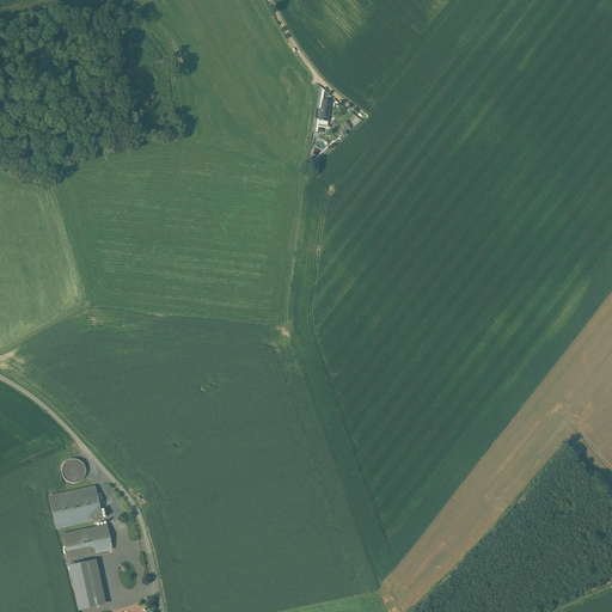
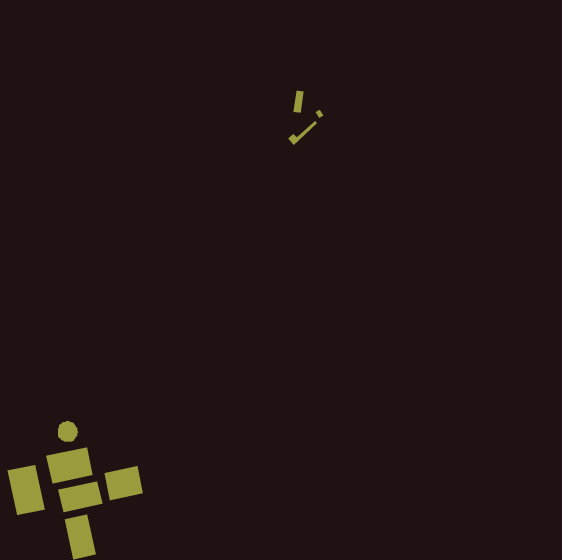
building: none -> [7,464,45,516]
building: none -> [104,465,143,501]

